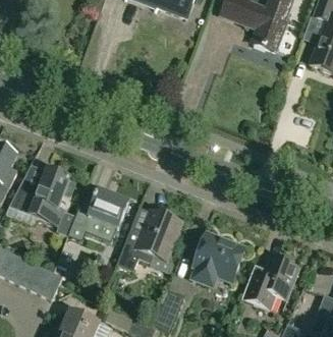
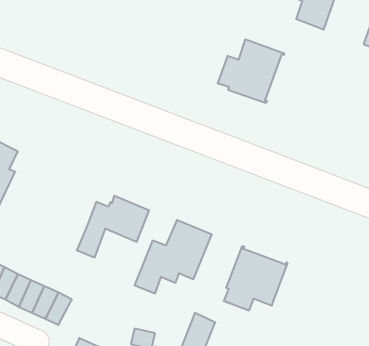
building: none -> [218,39,284,103]
building: [15,168,76,233] -> none
building: [242,256,297,307] -> none

